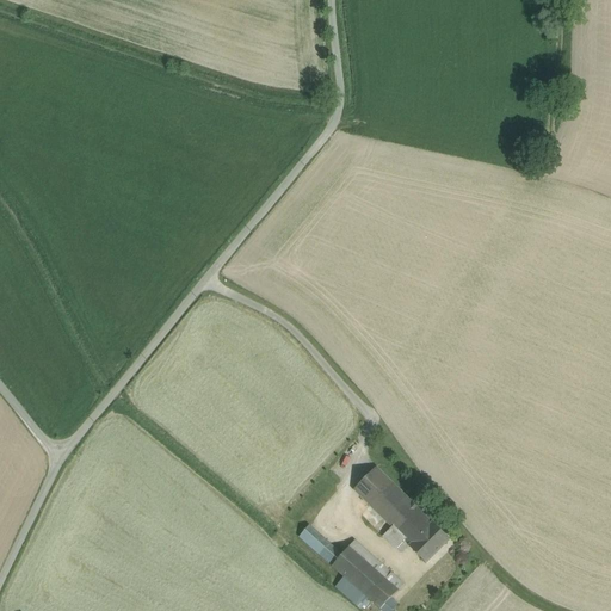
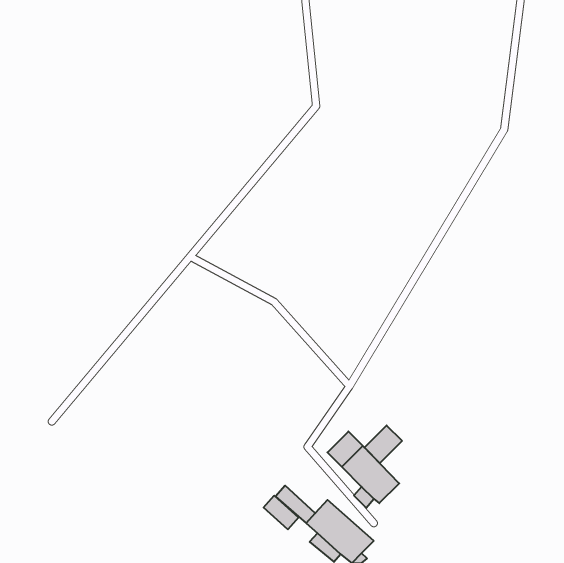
building: [408,520,449,561] -> [364,425,402,463]
building: none -> [264,496,299,529]

